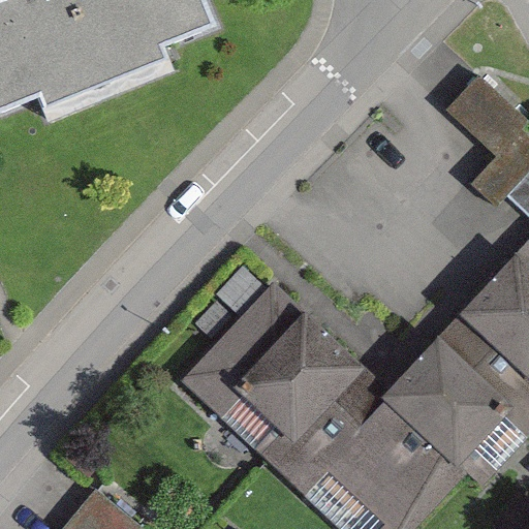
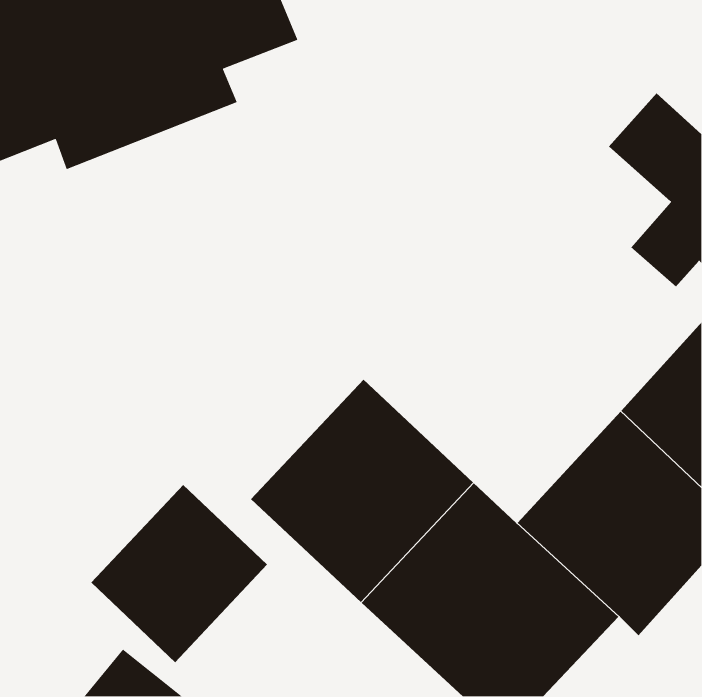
building: none -> [90,484,268,663]

